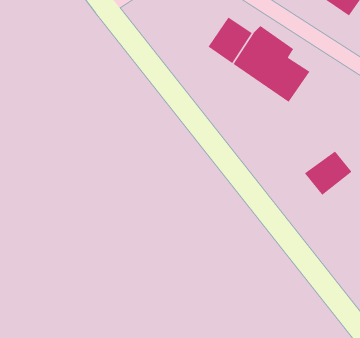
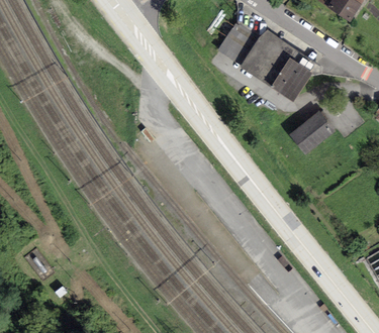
building: [304,150,352,196] -> [288,111,334,153]

